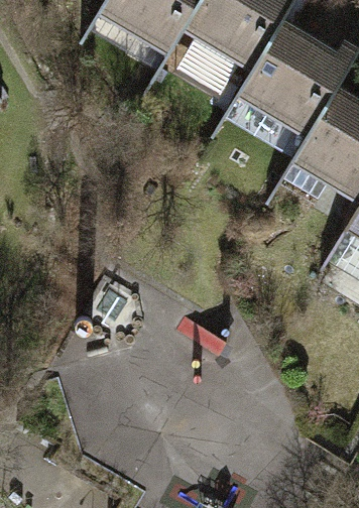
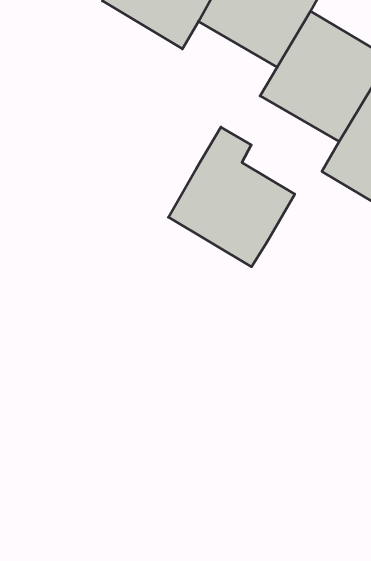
building: none -> [168,127,295,267]

